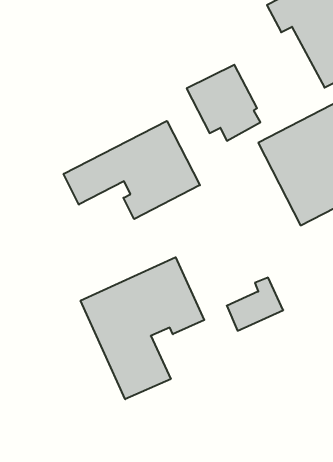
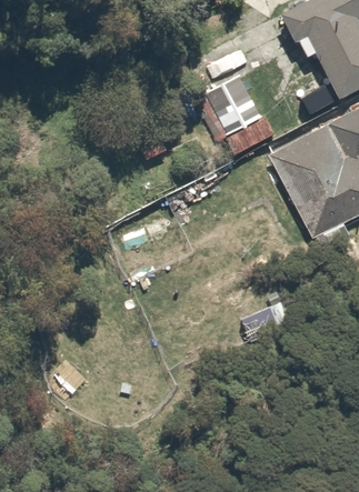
building: [64,121,200,219] -> none
building: [81,257,204,399] -> none

